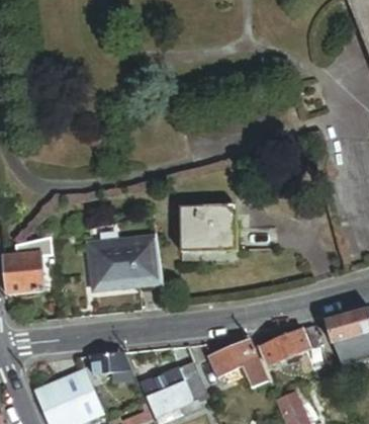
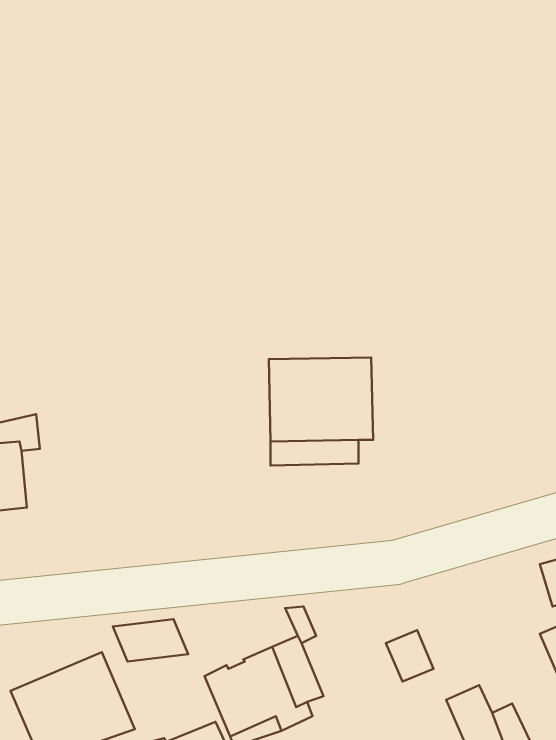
building: [87,238,161,289] -> none
building: [259,324,319,365] -> none
building: [209,338,259,375] -> none

